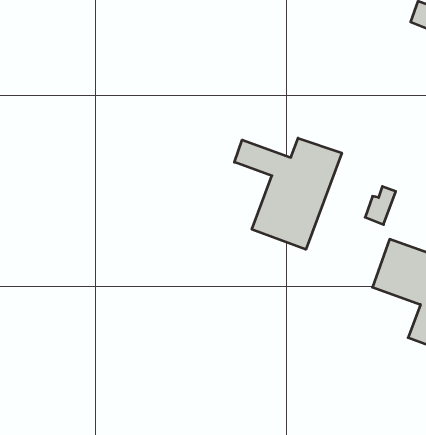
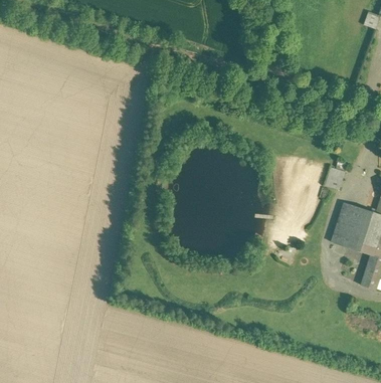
building: [234,138,342,249] -> none

